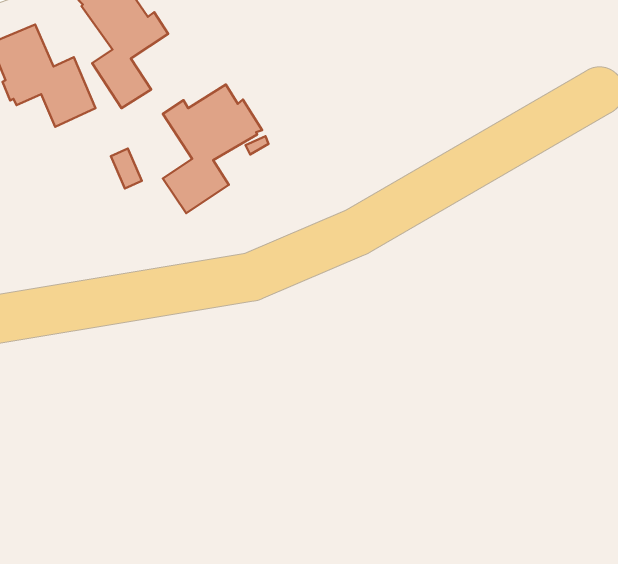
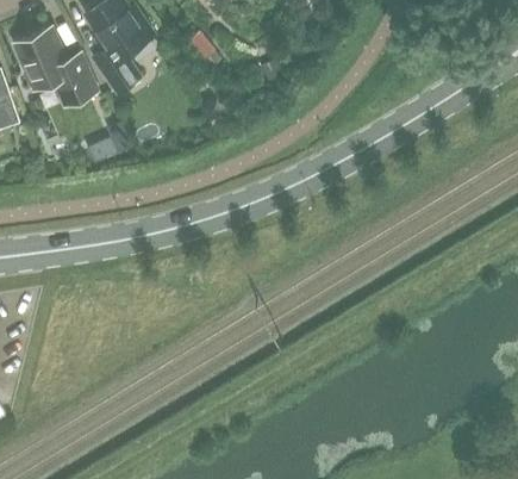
building: [163,85,262,213] -> none

